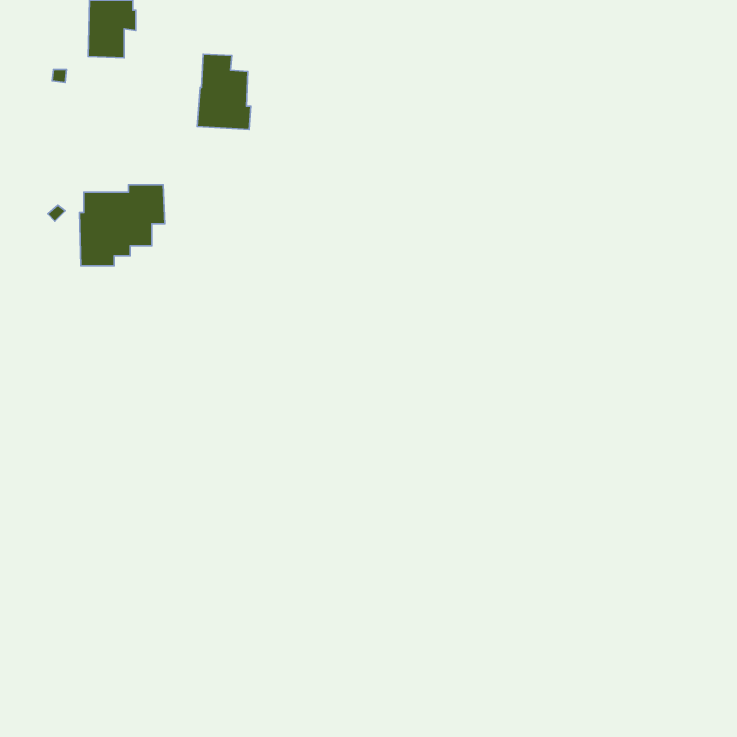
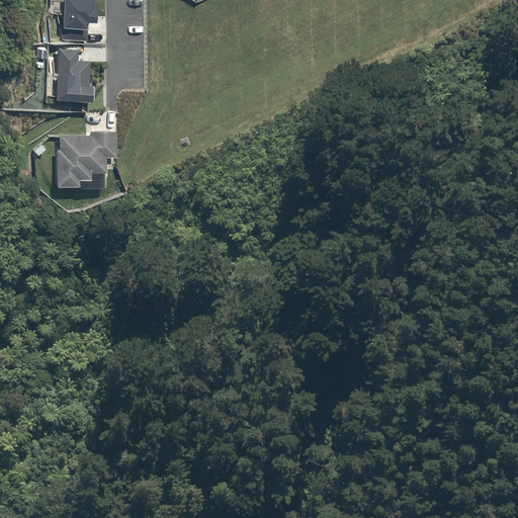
building: [197,54,251,129] -> [55,49,92,101]

